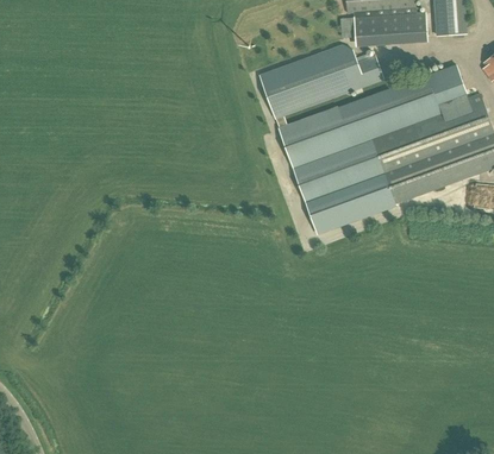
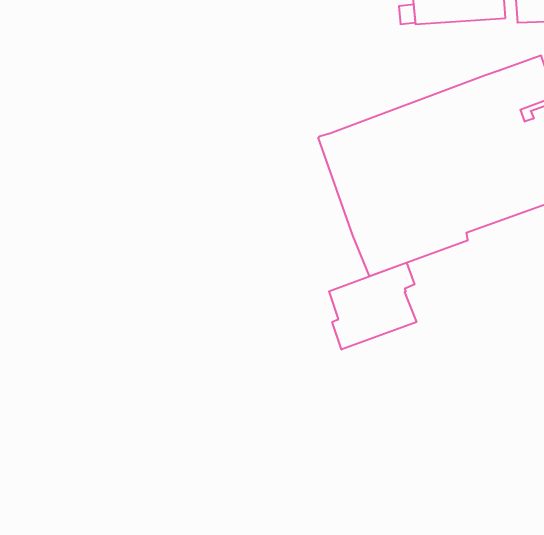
building: [259,44,383,126] -> none
building: none -> [329,263,416,350]

